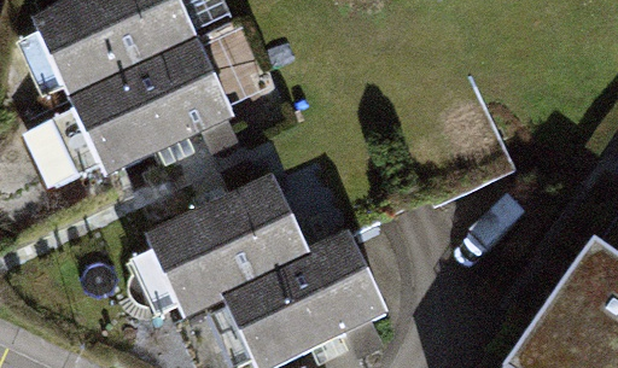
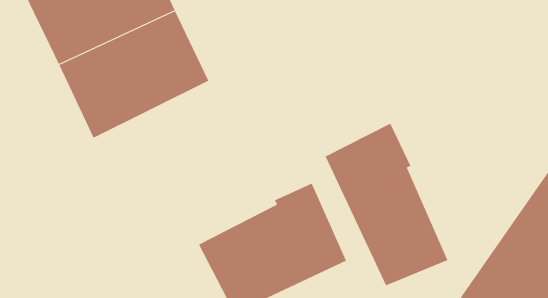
building: none -> [325,123,448,286]
building: [141,171,309,316] -> none

